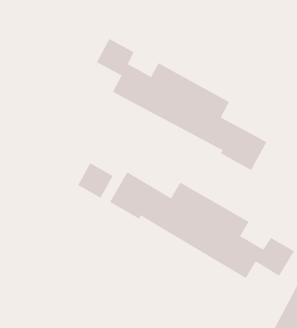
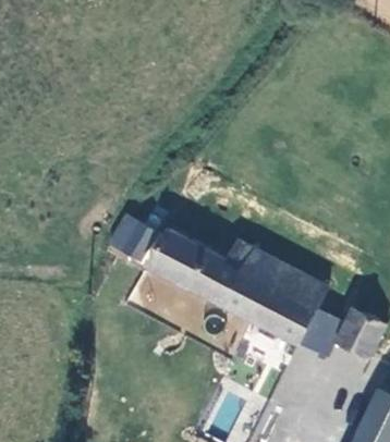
building: [96,38,267,171] -> none

